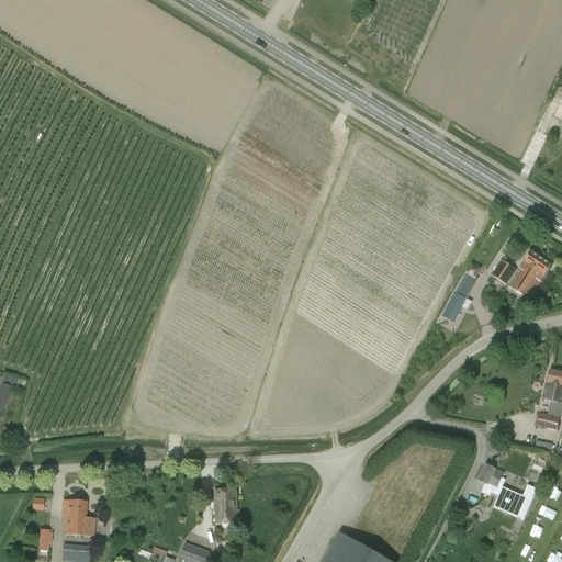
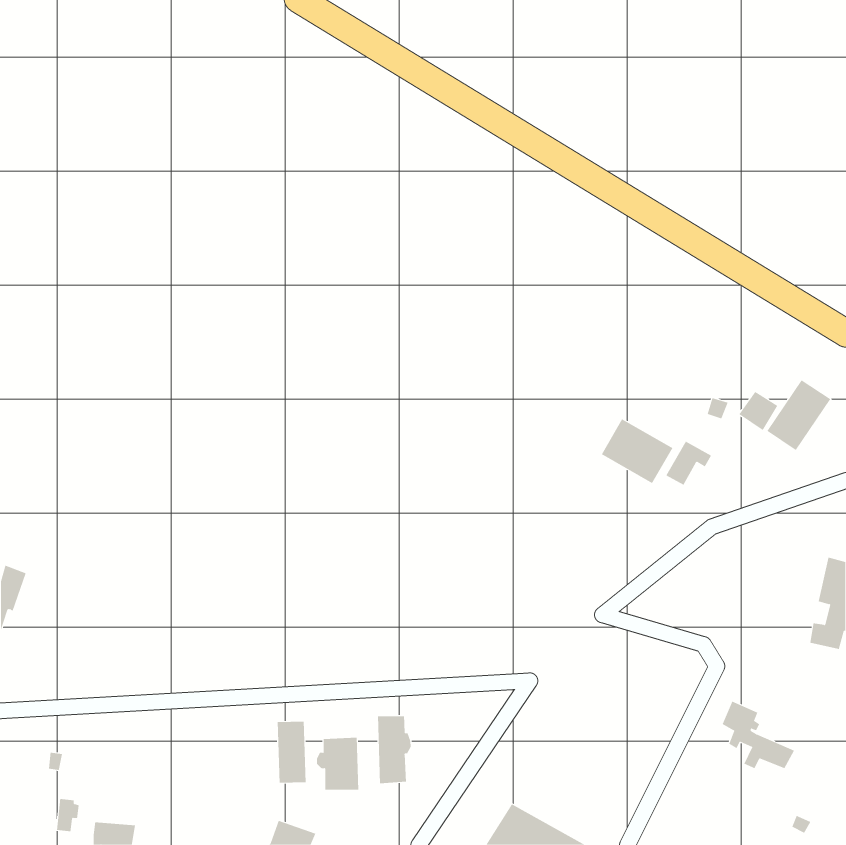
building: none -> [601,419,673,484]
building: none -> [377,715,411,784]
building: none -> [277,721,306,783]
building: [63,501,94,537] -> none

